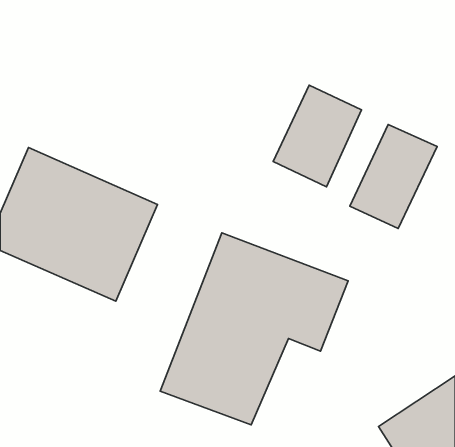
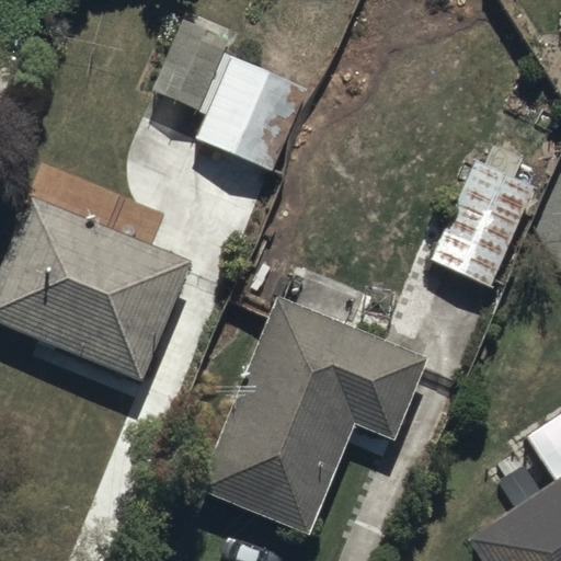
building: none -> [195,55,304,171]
building: [273,85,362,187] -> none

